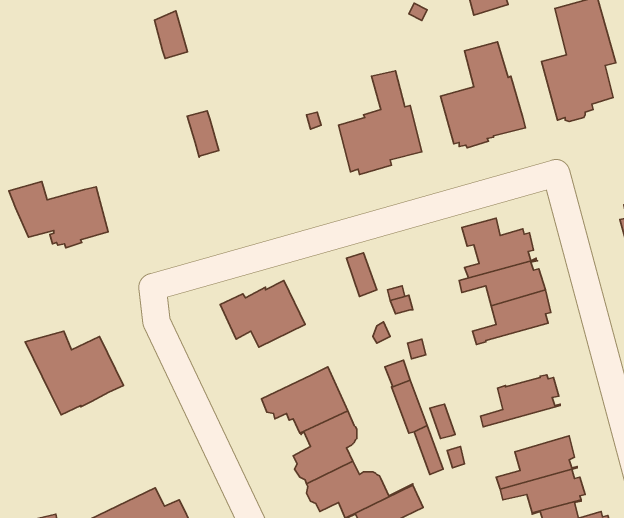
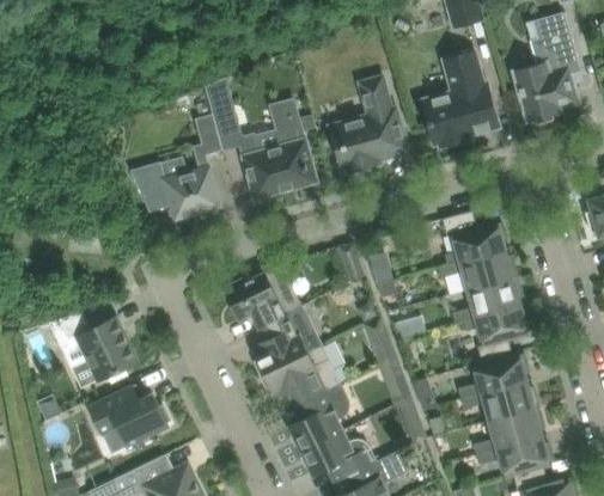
building: [154,11,188,59] -> [205,79,234,122]
building: none -> [239,100,310,198]
building: [9,181,108,248] -> [130,163,220,222]
building: none -> [463,306,531,363]
building: none -> [255,307,312,374]
building: none -> [460,380,538,422]
building: none -> [89,386,169,454]

